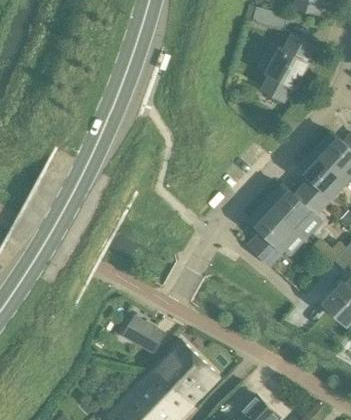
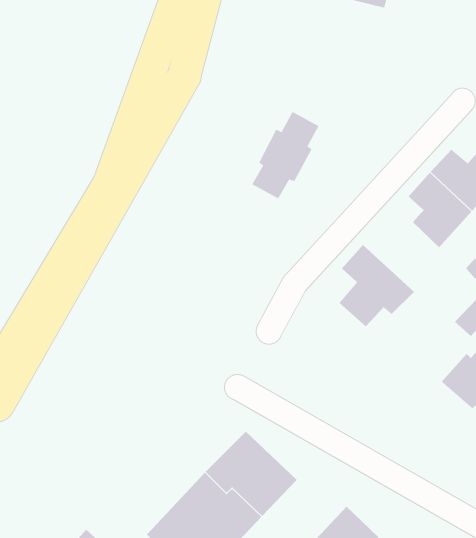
building: [263,35,313,100] -> [251,111,319,199]
building: [267,186,323,238] -> none
building: [123,316,155,345] -> none

